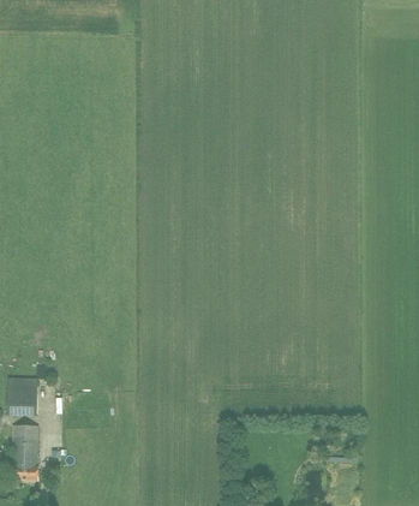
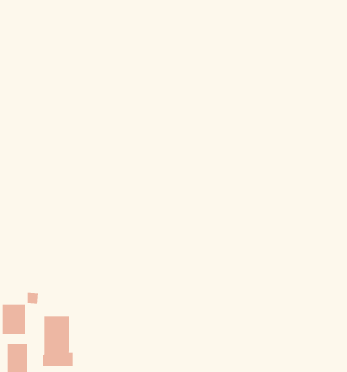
building: none -> [43,315,73,367]

